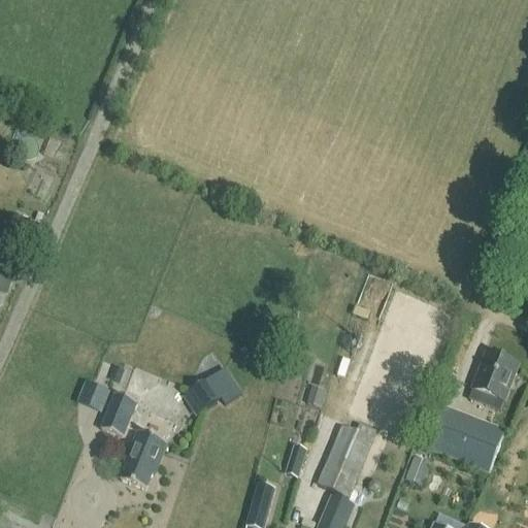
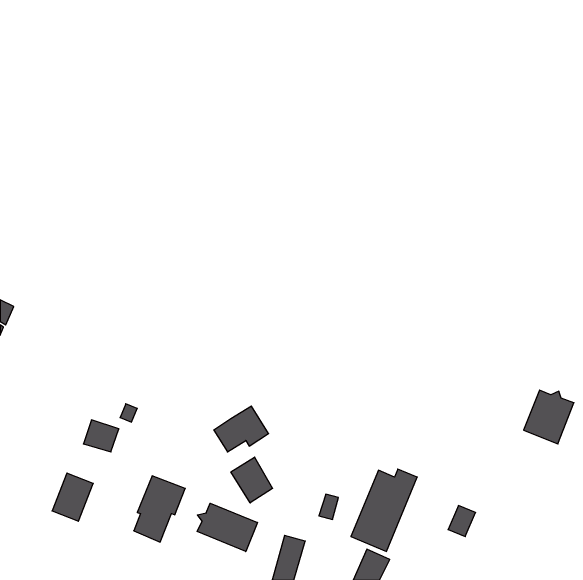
building: [101,392,138,435] -> [52,473,93,521]
building: [427,405,506,472] -> none
building: none -> [231,457,273,503]
building: none -> [197,503,257,552]

